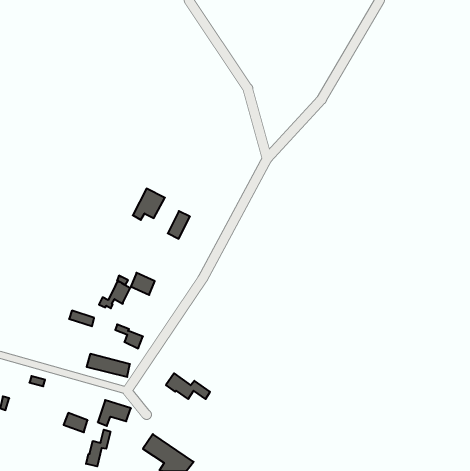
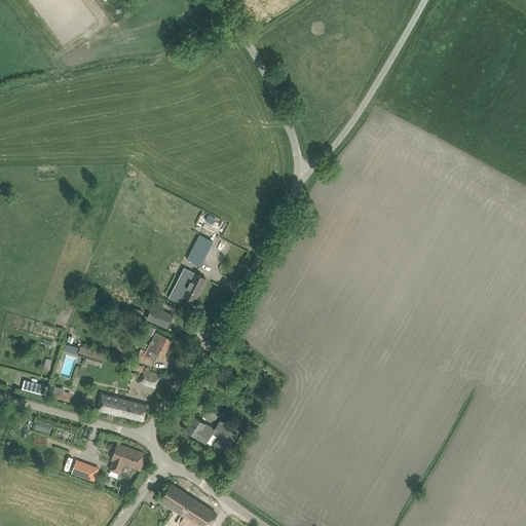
building: [133,189,165,220] -> [170,268,205,303]
building: [99,282,130,308] -> [136,333,171,363]
building: [86,430,110,466] -> none

